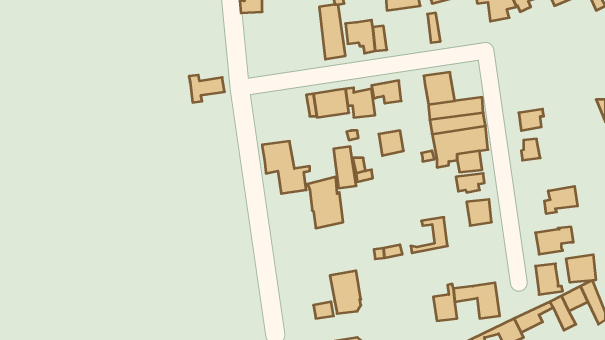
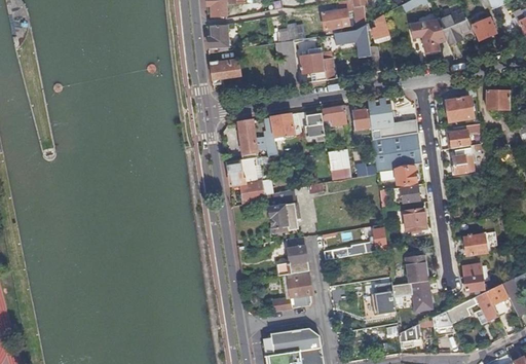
building: none -> [486,89,510,109]
building: none -> [446,96,473,120]
building: [189,75,225,102] -> [210,60,240,83]
building: none -> [349,108,371,134]
building: [334,147,356,188] -> [238,119,258,155]
building: [544,186,578,214] -> none
building: none -> [277,236,308,275]
building: none -> [406,254,428,283]
building: [566,255,596,282] -> none

